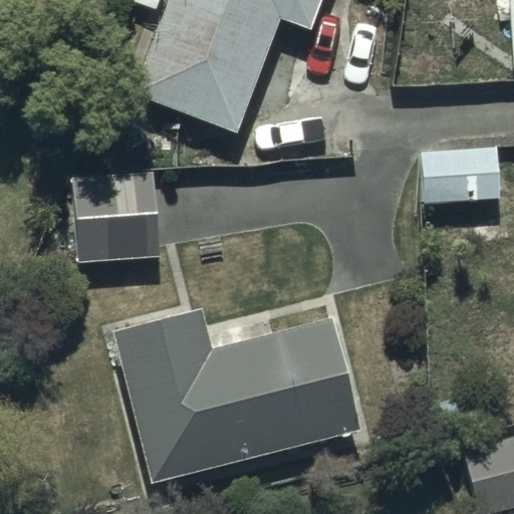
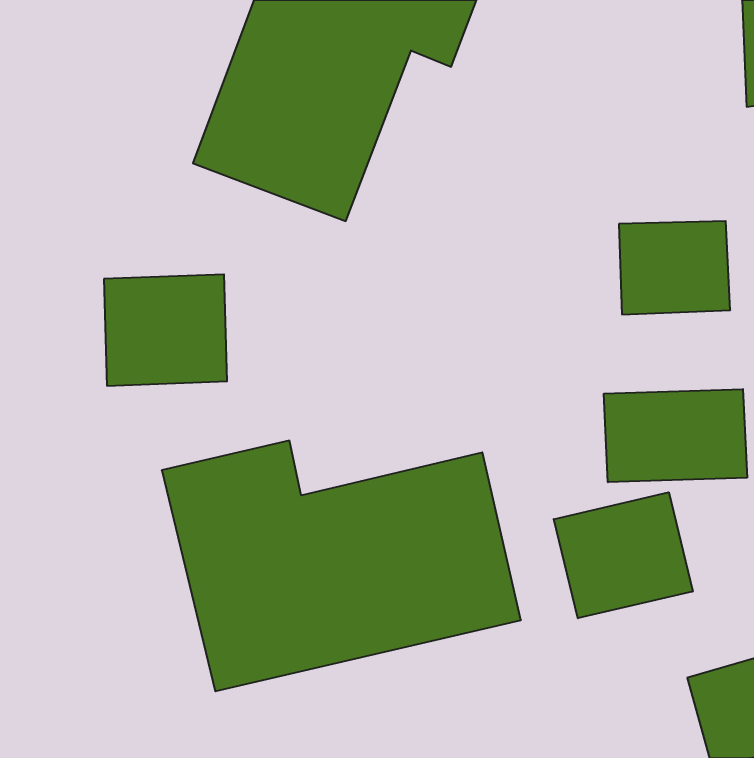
building: none -> [604,389,747,482]
building: none -> [554,492,693,618]

